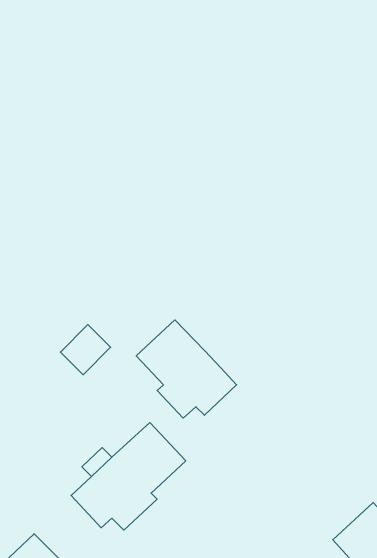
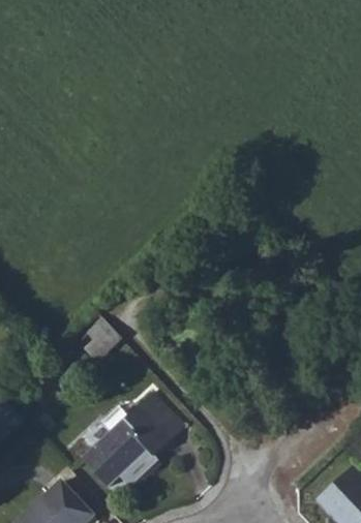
building: [136,320,237,418] -> none

